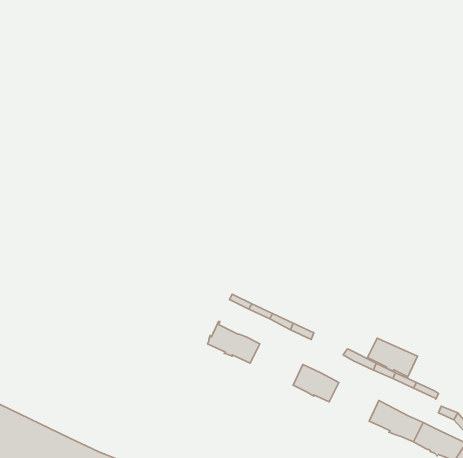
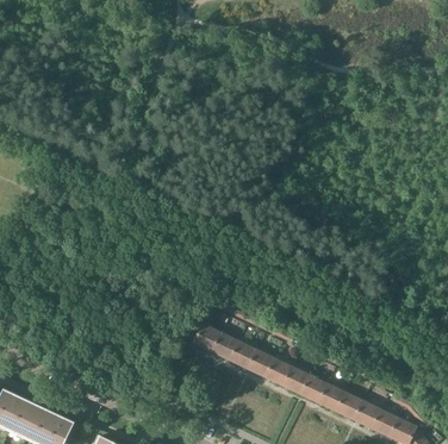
building: [368,338,417,377] -> [293,373,336,406]
building: none -> [225,339,270,375]

